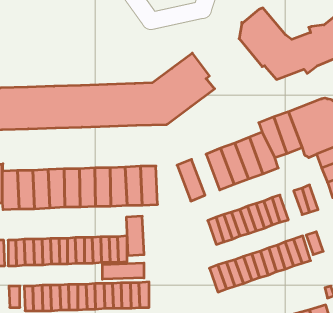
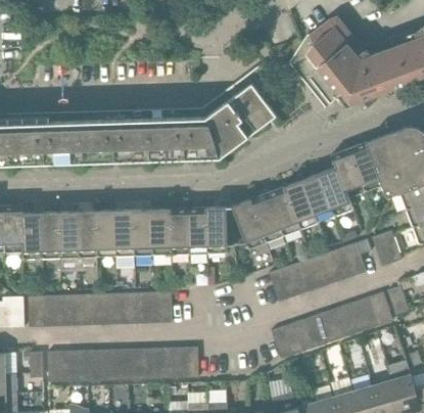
building: none -> [249,193,283,242]
building: [126,216,144,255] -> [206,206,228,254]
building: [102,263,144,279] -> none

